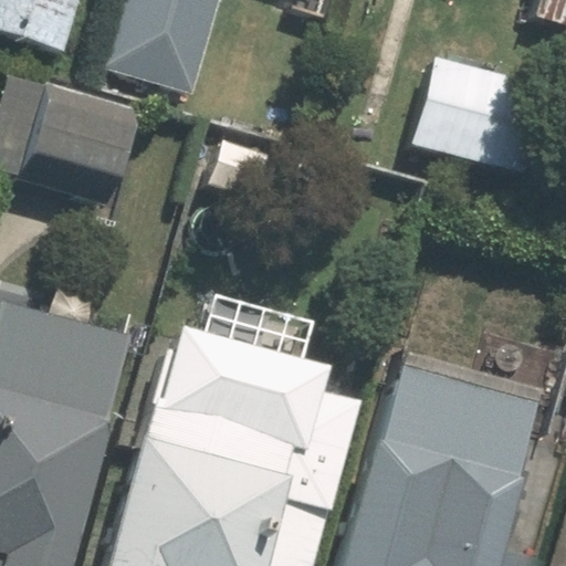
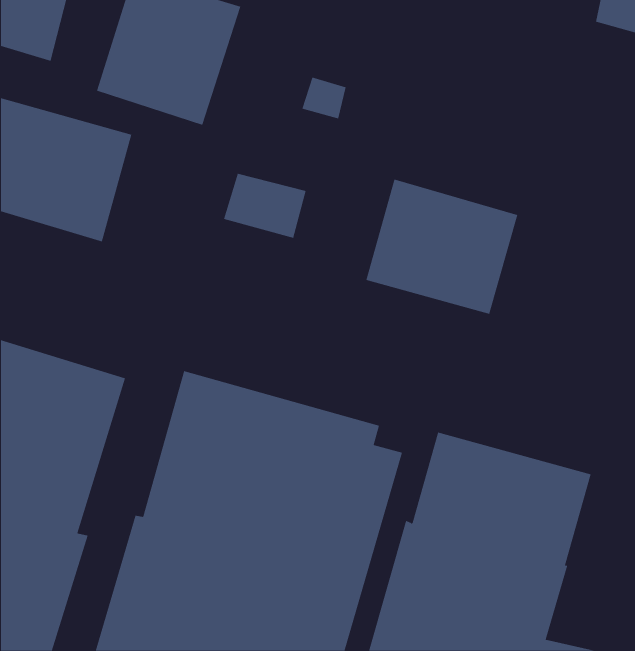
building: [408,63,539,180] -> [366,179,518,315]

